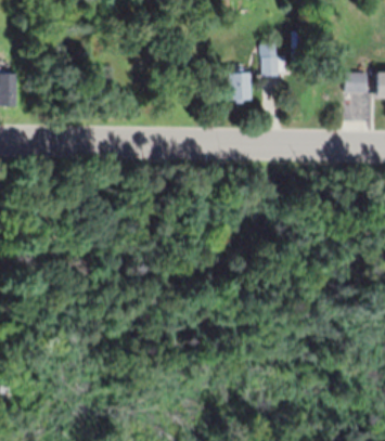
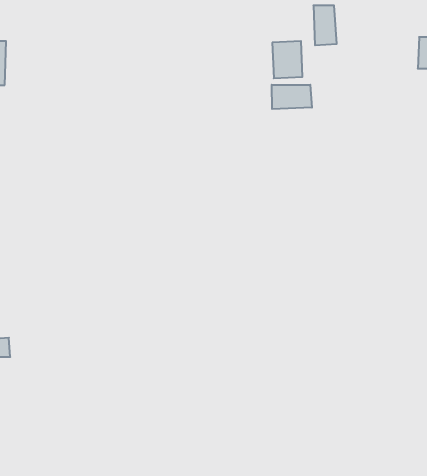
building: none -> [272,85,312,109]

